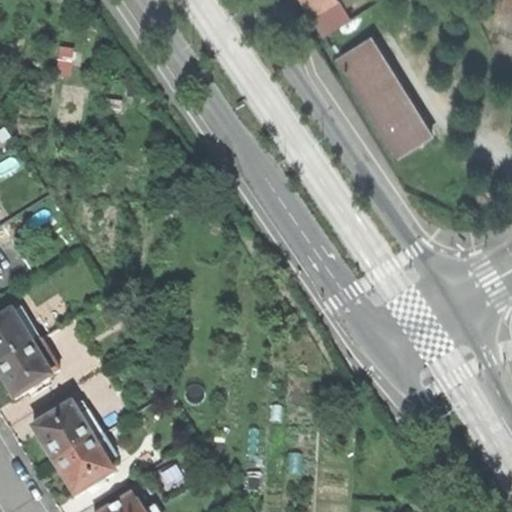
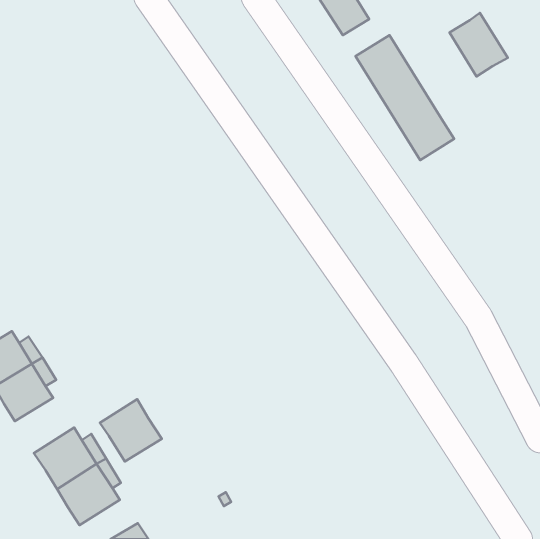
building: none -> [450,13,508,77]
building: none -> [100,399,162,461]

